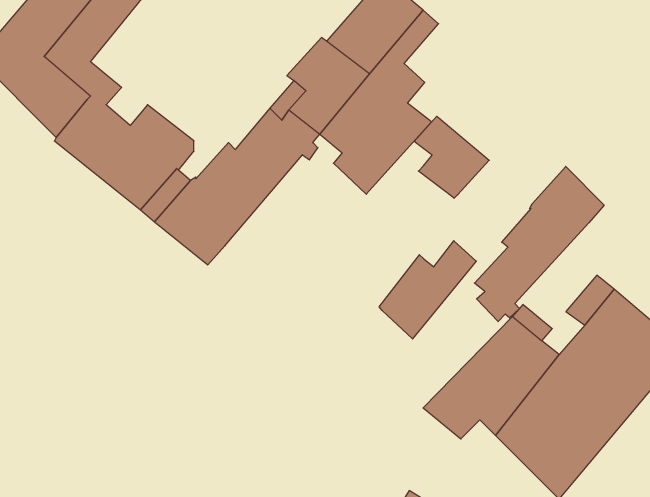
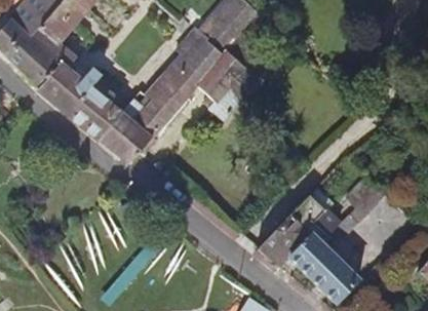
building: [414,116,489,198] -> none
building: [474,166,604,322] -> none
building: [379,241,476,339] -> none

